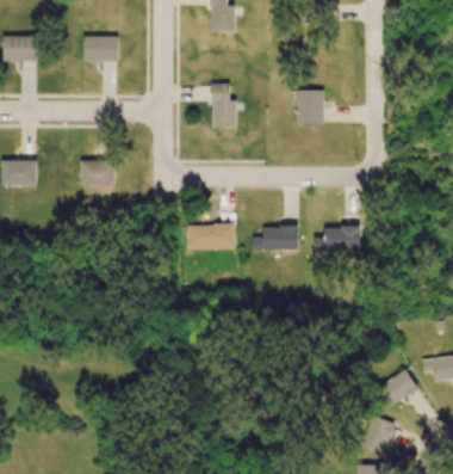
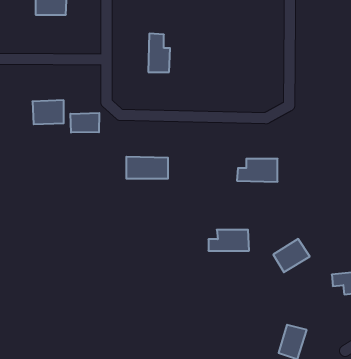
building: [297,90,324,124] -> none
building: none -> [70,113,99,133]
building: [253,226,299,250] -> [208,230,249,251]
building: [377,369,418,407] -> [273,239,310,272]

